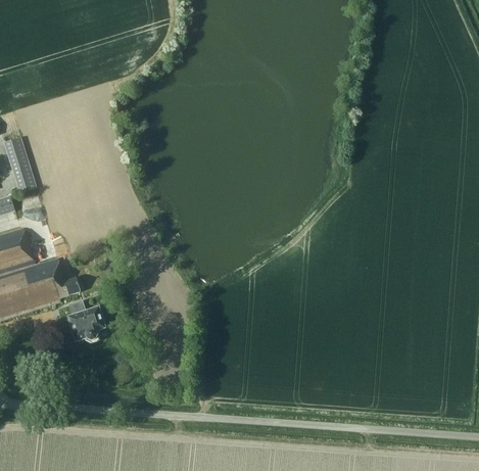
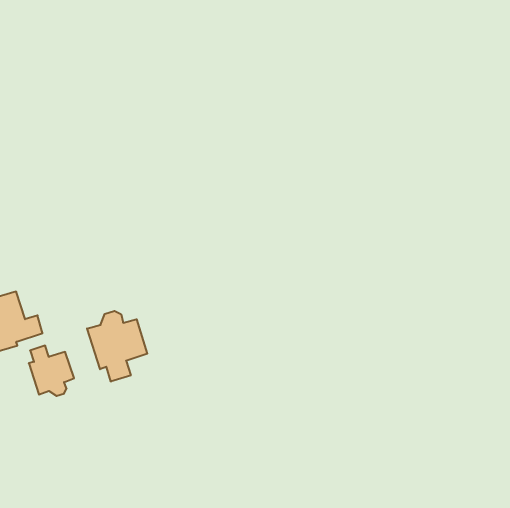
building: none -> [87,311,147,382]

